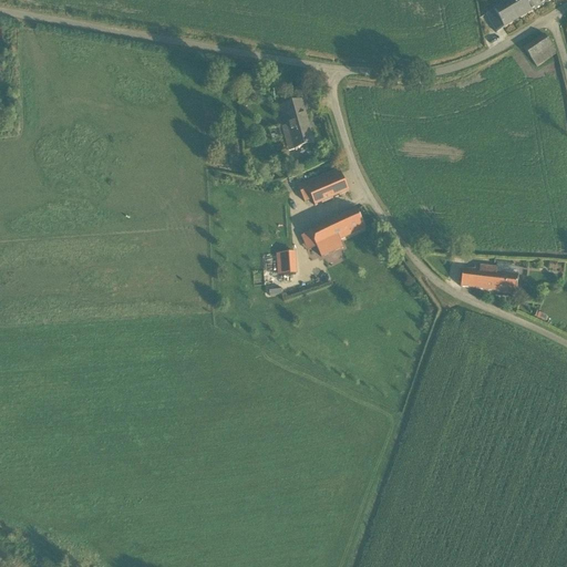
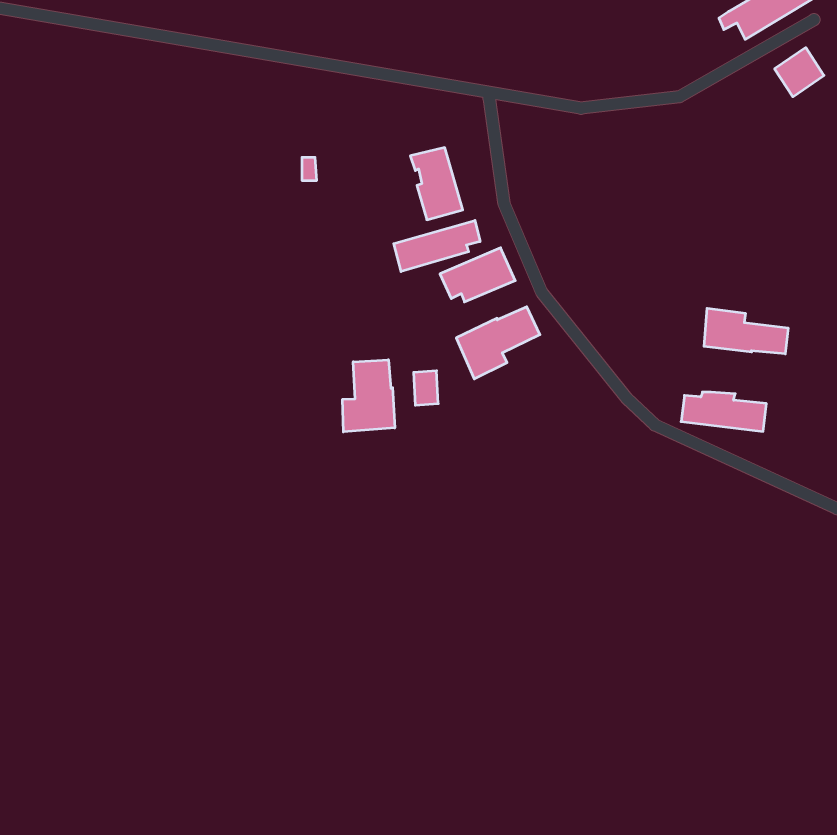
building: none -> [394,220,480,272]
building: none -> [704,308,788,354]
building: none -> [343,360,395,432]

